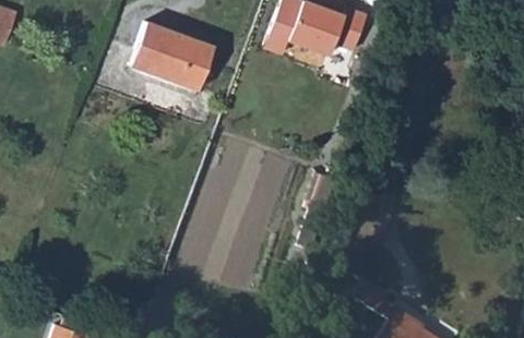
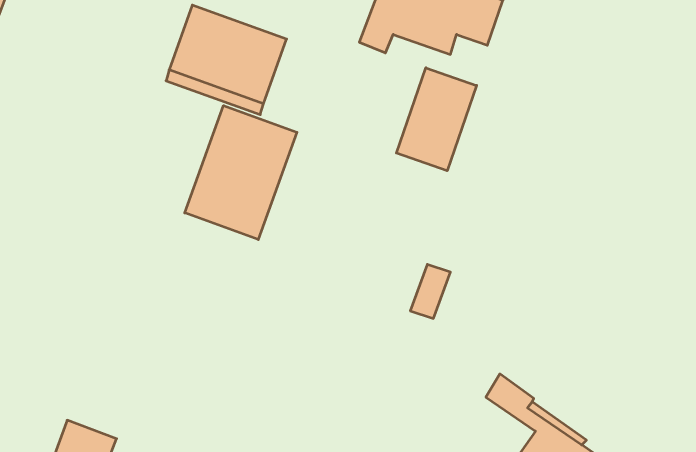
building: none -> [396,68,477,171]
building: none -> [185,106,297,240]

